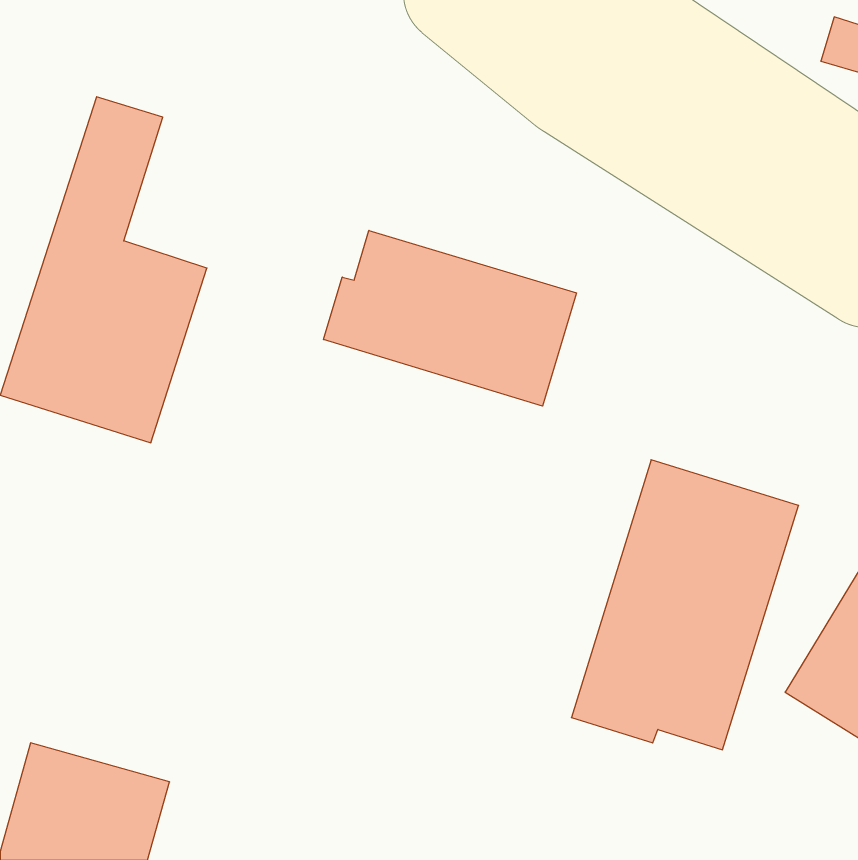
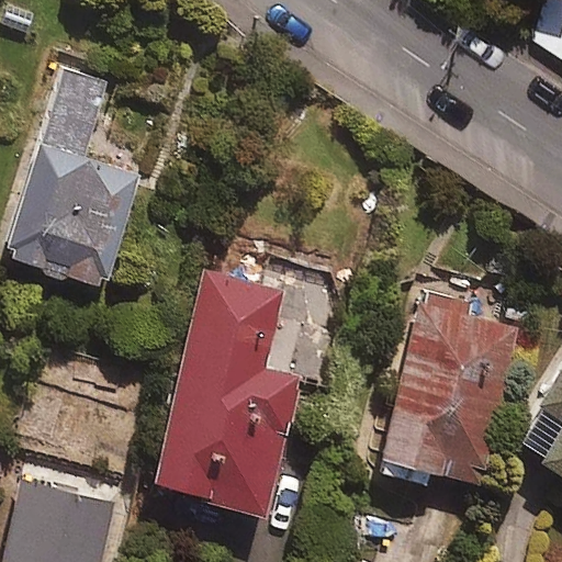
building: [324,230,577,406] -> none
building: none -> [147,269,300,516]

